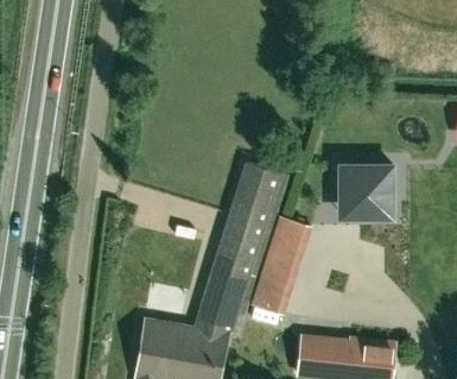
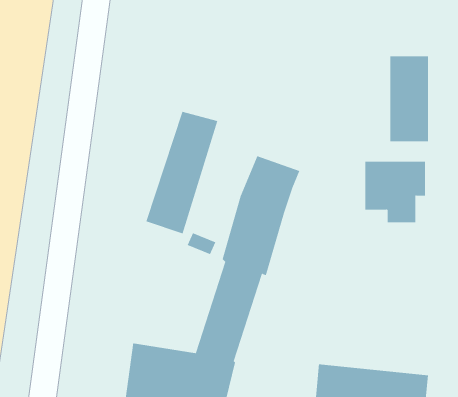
building: none -> [390,56,428,142]
building: [250,214,312,318] -> [145,111,218,234]

